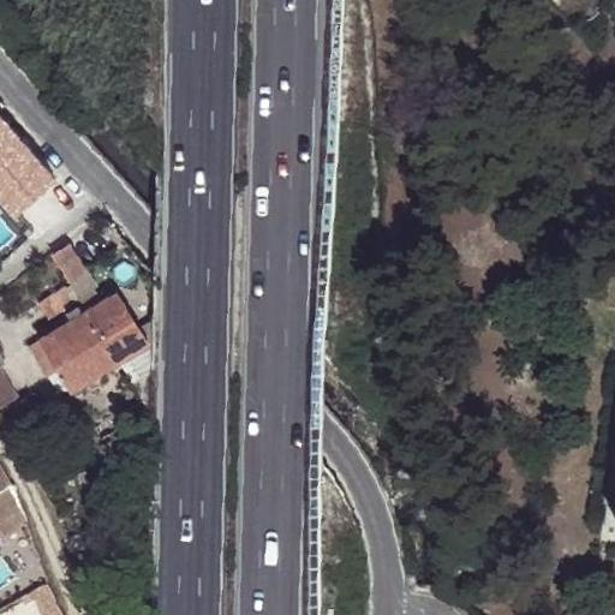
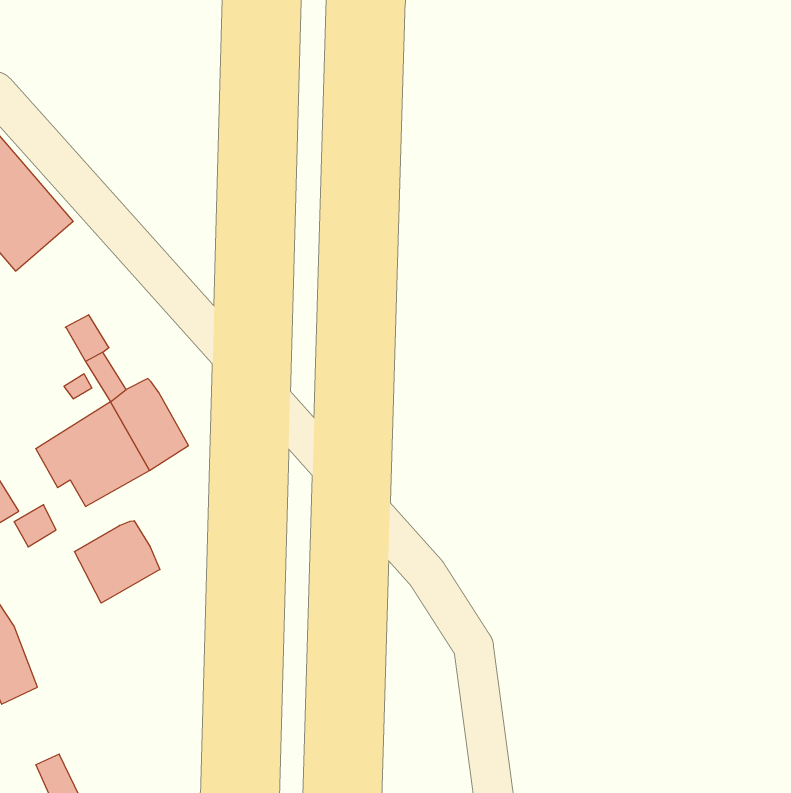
building: none -> [74,521,160,603]

